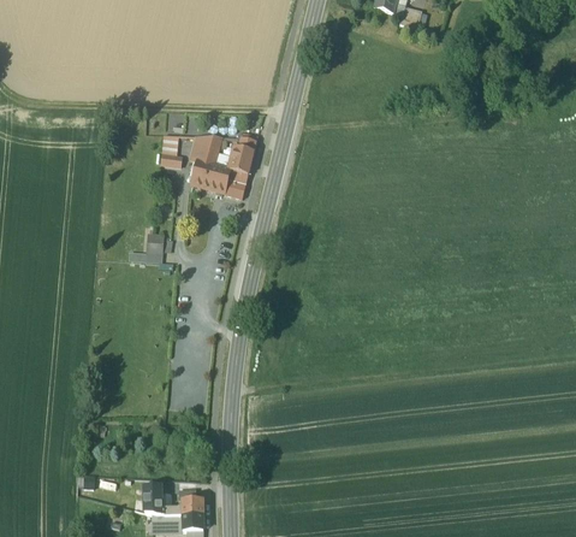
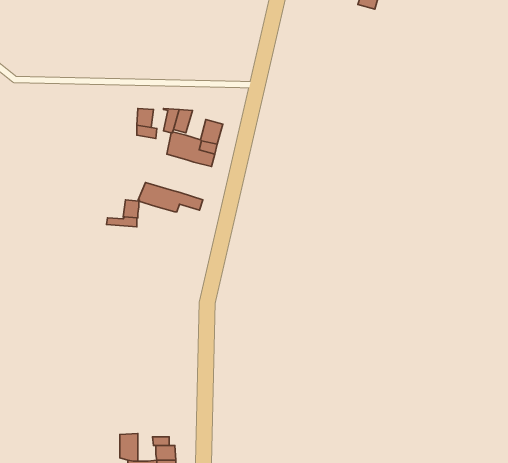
building: none -> [138,182,203,212]

